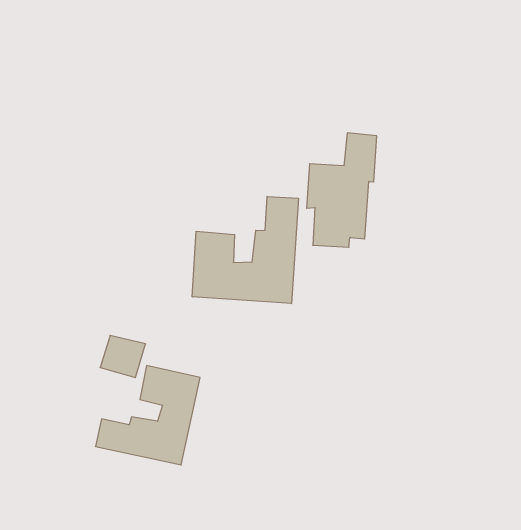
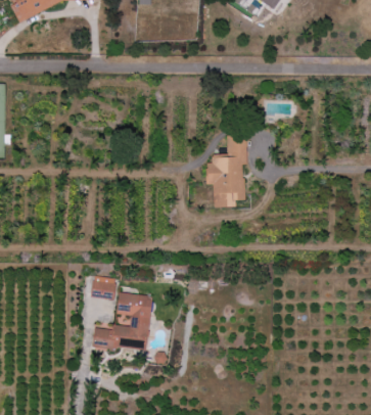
building: [192,196,298,304] -> none

